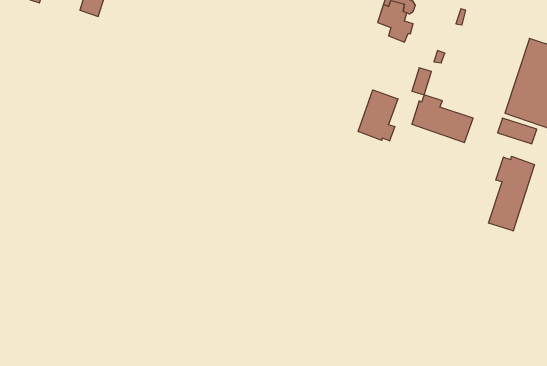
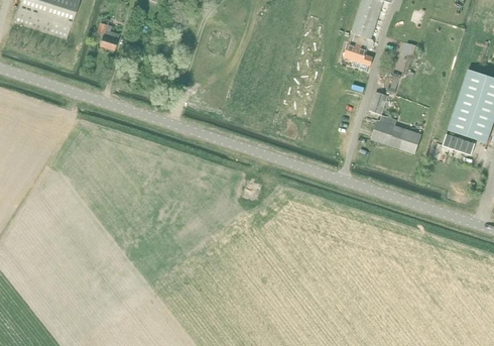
building: [358,90,398,141] -> none
building: [488,156,534,231] -> none

